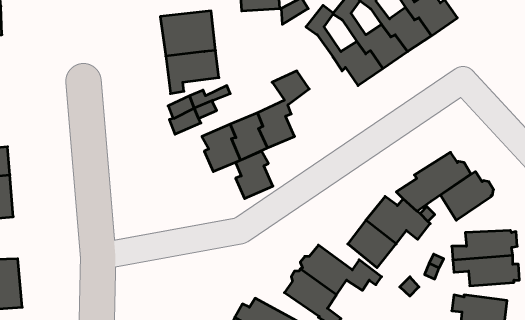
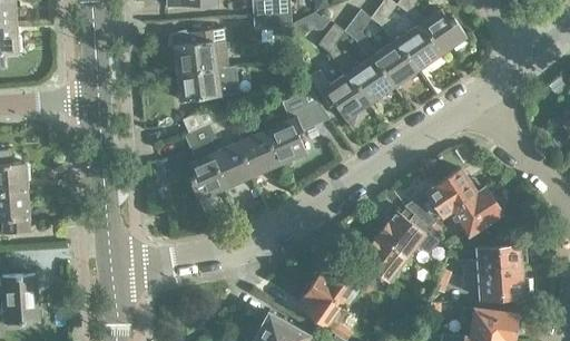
building: none -> [308,72,368,120]
building: [236,151,273,199] -> [189,154,226,201]

